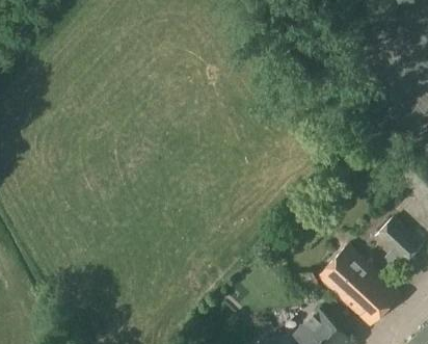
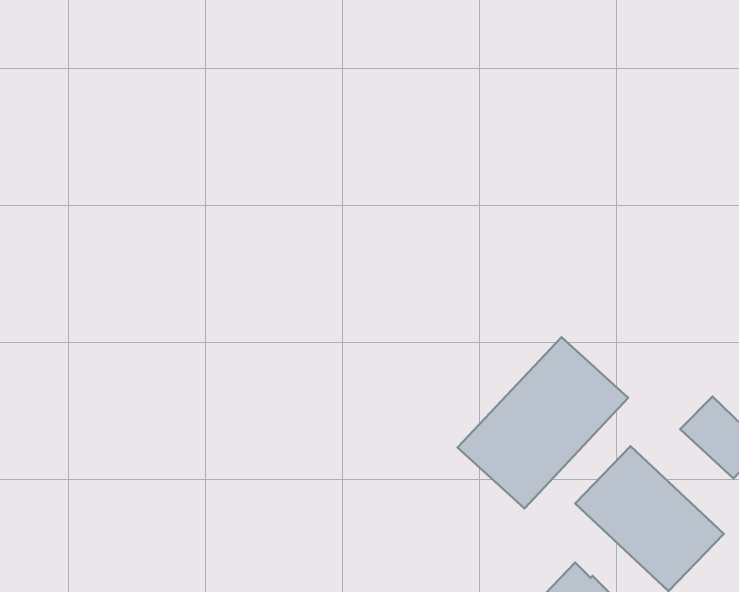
building: none -> [458,337,628,508]

